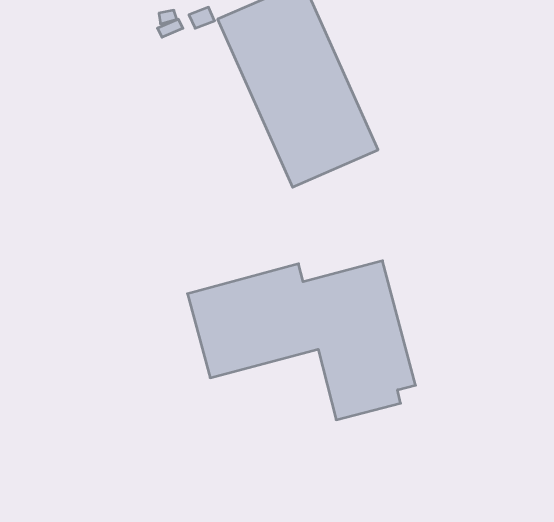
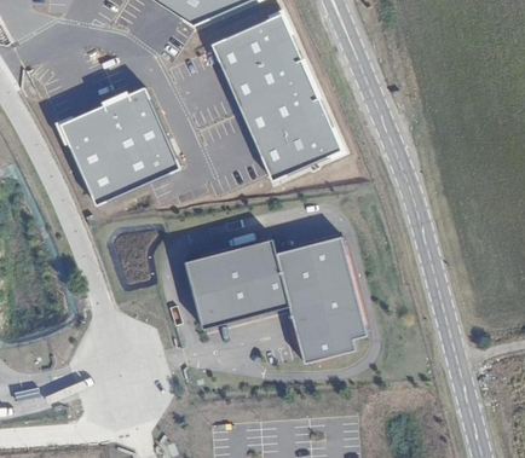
building: none -> [56,82,178,202]

